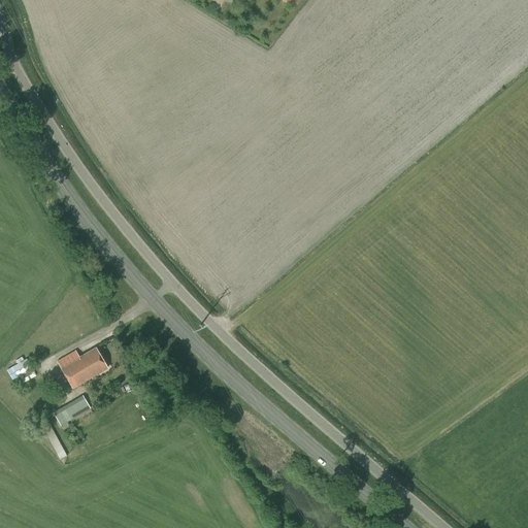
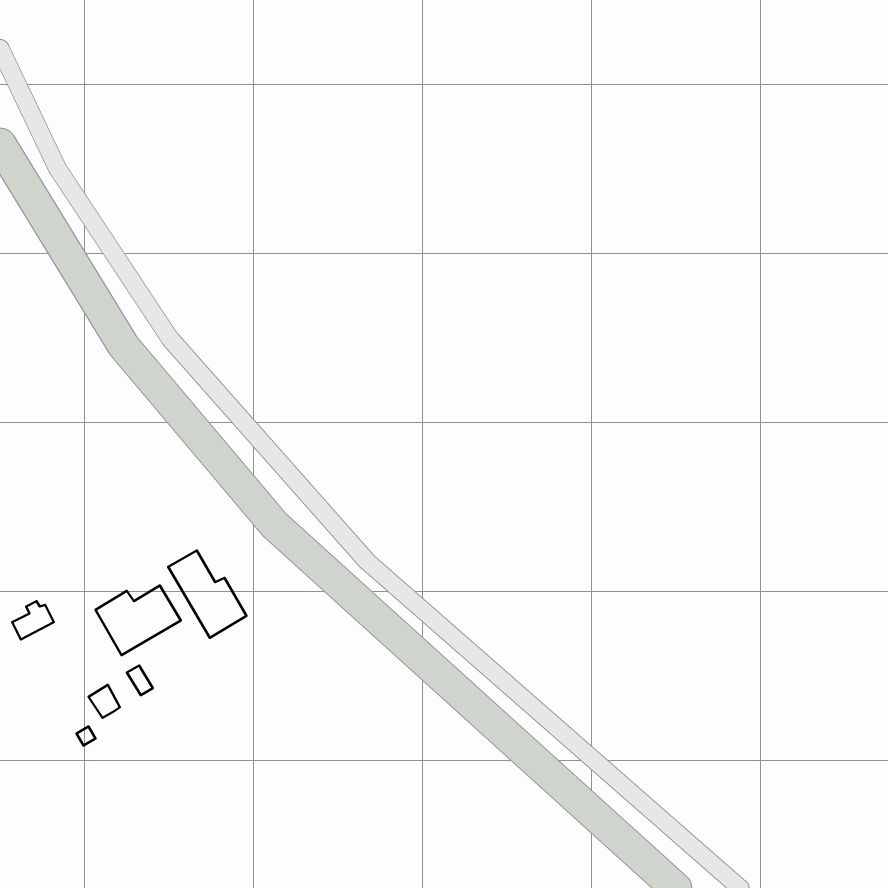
building: none -> [168,551,246,638]

